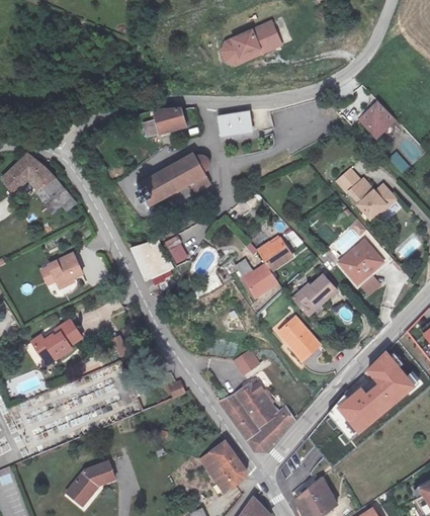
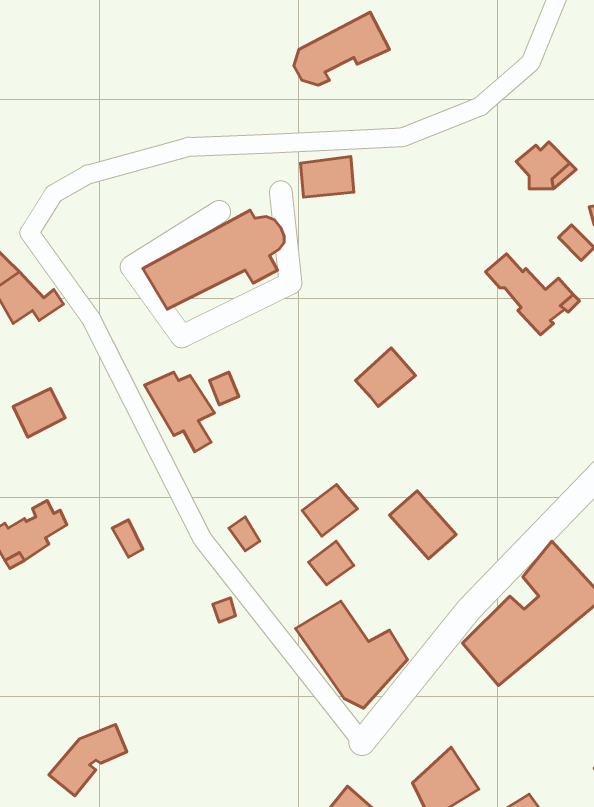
building: [152,107,182,127] -> none
building: [341,242,385,285] -> none
building: [248,259,282,291] -> [302,484,357,536]
building: [295,272,336,306] -> none
building: [201,443,249,496] -> none

